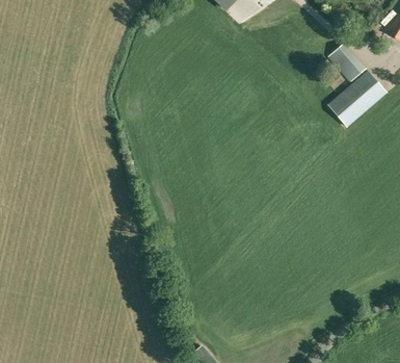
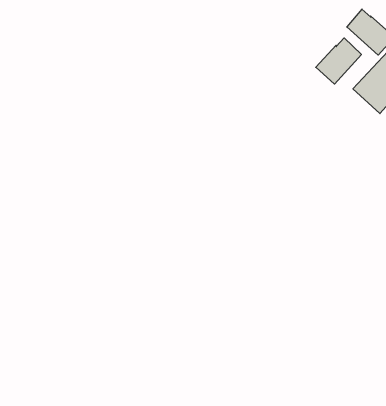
building: none -> [316,38,361,84]

